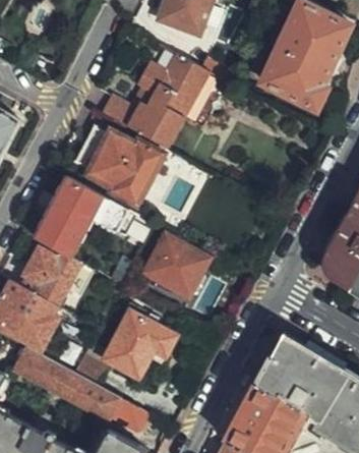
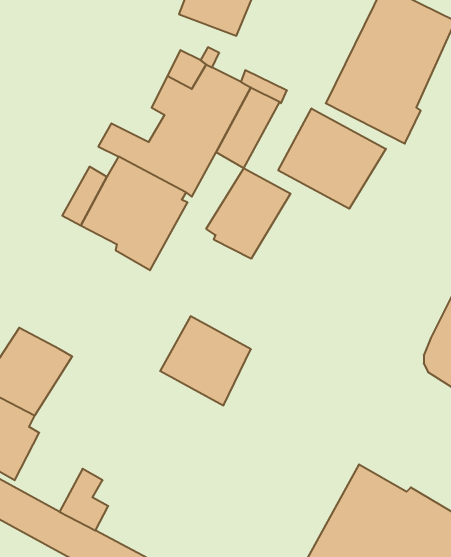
building: none -> [278,108,386,209]
building: none -> [206,168,290,259]
building: [35,175,131,259] -> none
building: [101,312,175,380] -> none

